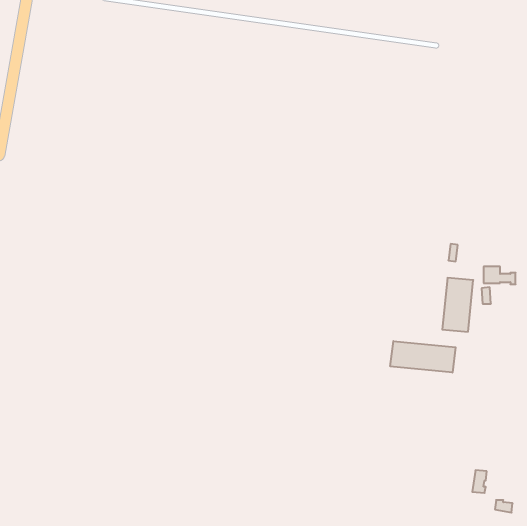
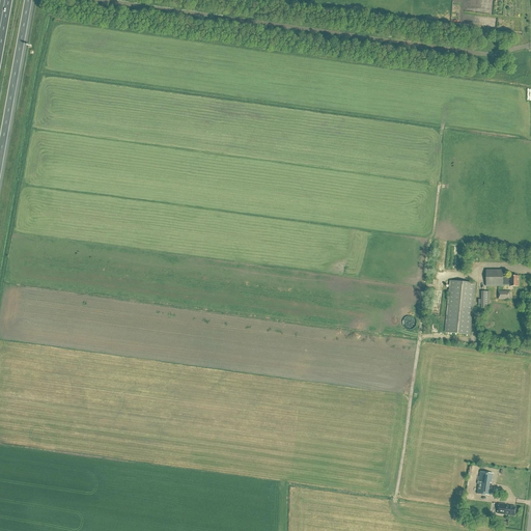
building: [390,341,456,373] -> none

